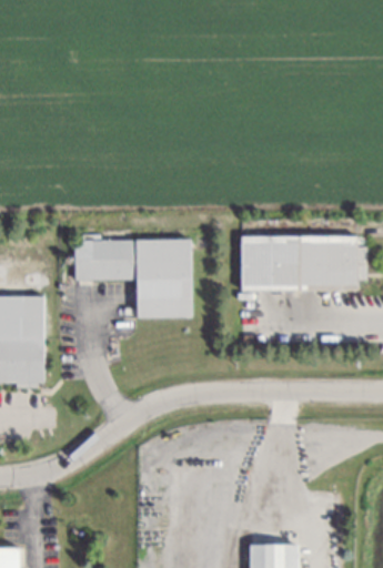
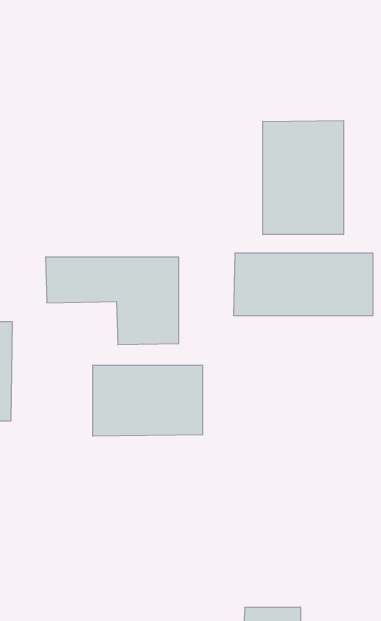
building: none -> [263,120,343,235]
building: none -> [93,365,202,436]

